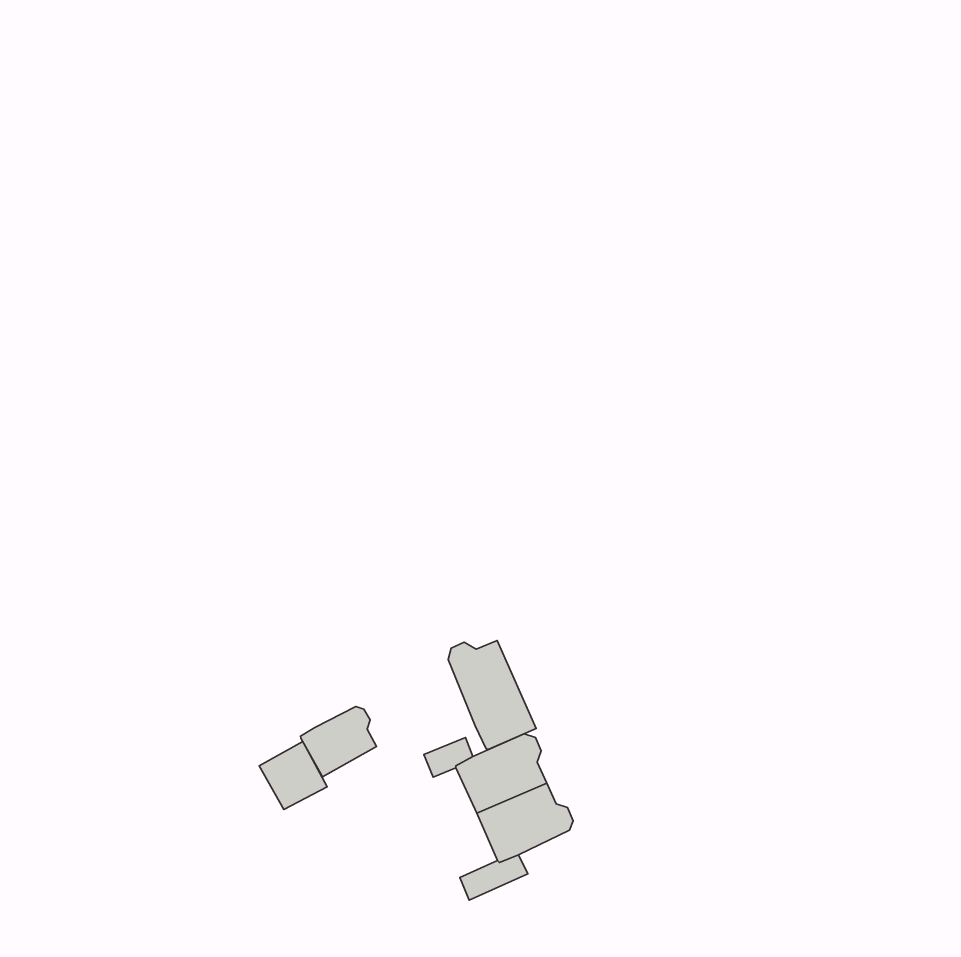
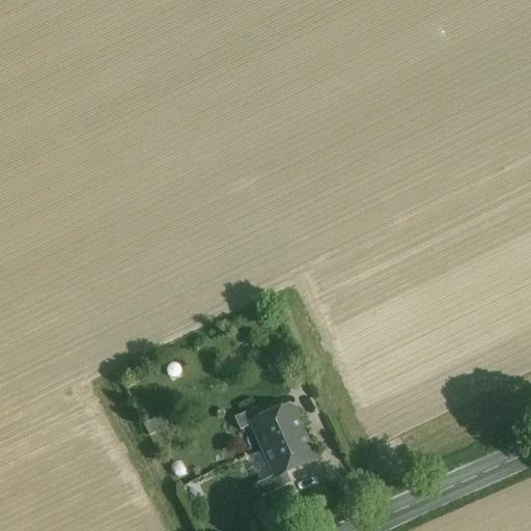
building: [448,641,536,749] -> none
building: [301,707,376,777] -> none

